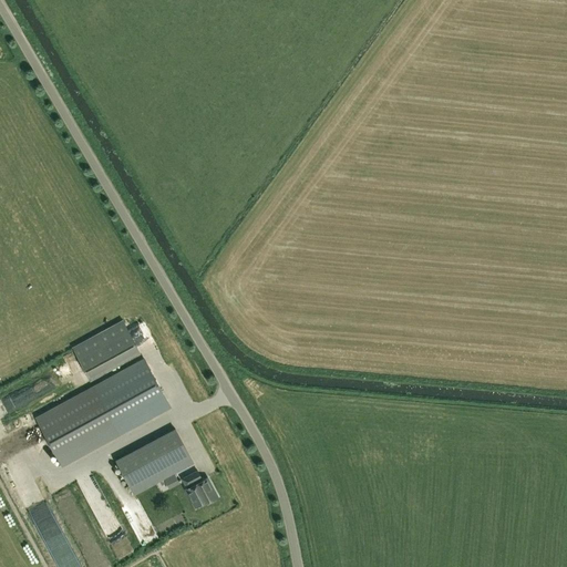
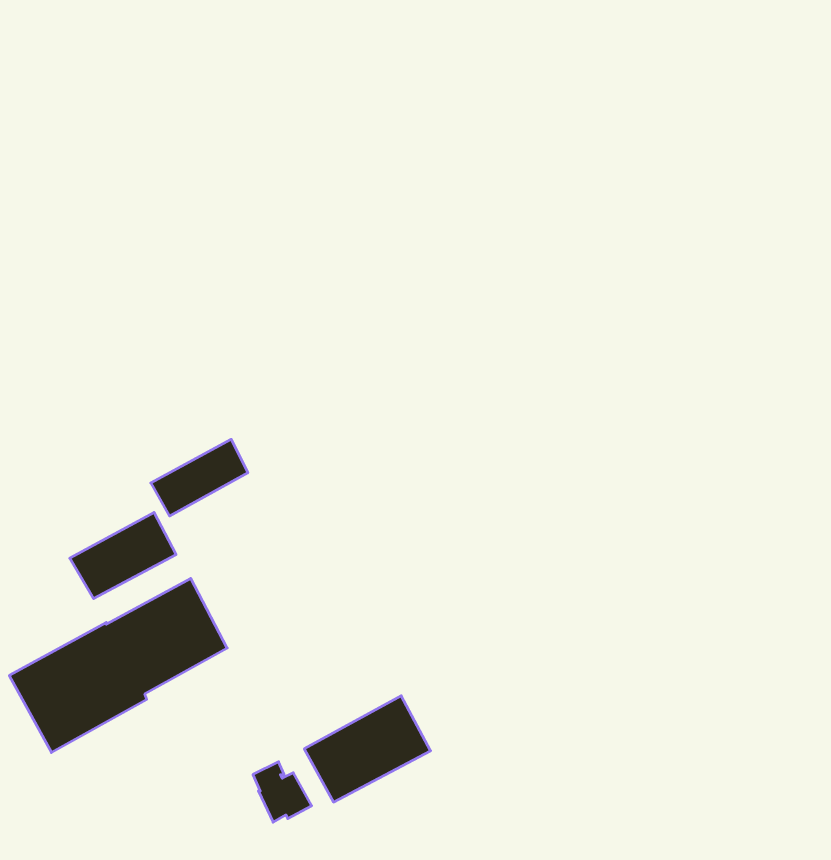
building: none -> [151,439,248,516]
building: [115,430,192,494] -> [304,696,431,802]

